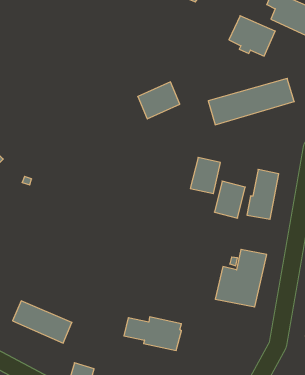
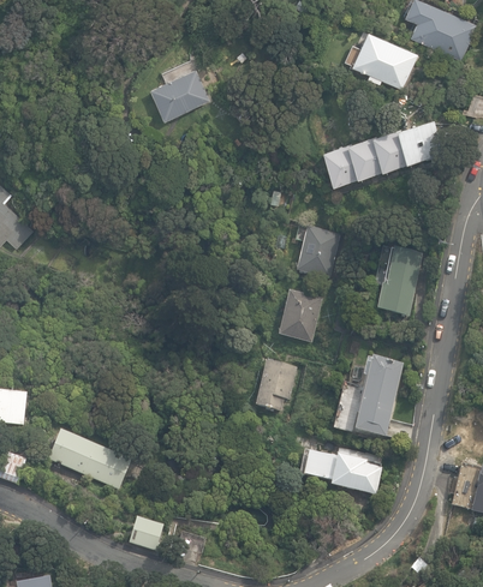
building: [138,82,180,119] -> [150,68,209,120]
building: [214,181,245,218] -> [278,290,321,342]
building: none -> [255,360,297,411]
building: [124,317,181,350] -> [303,450,383,497]

